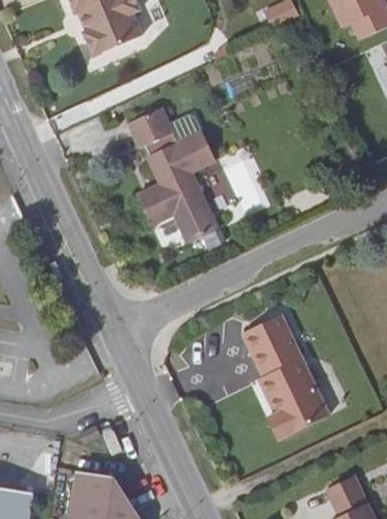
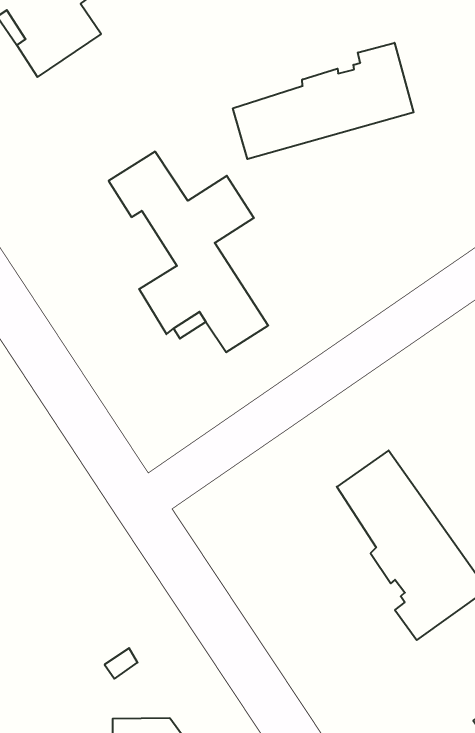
building: none -> [233,43,414,159]

